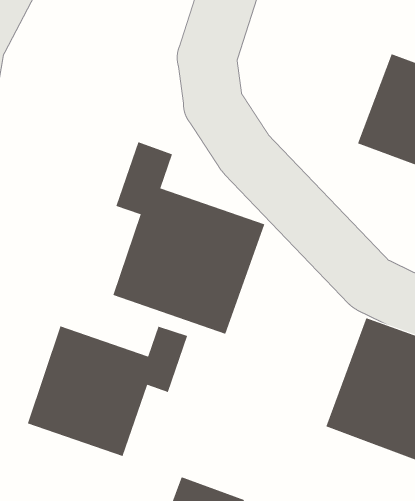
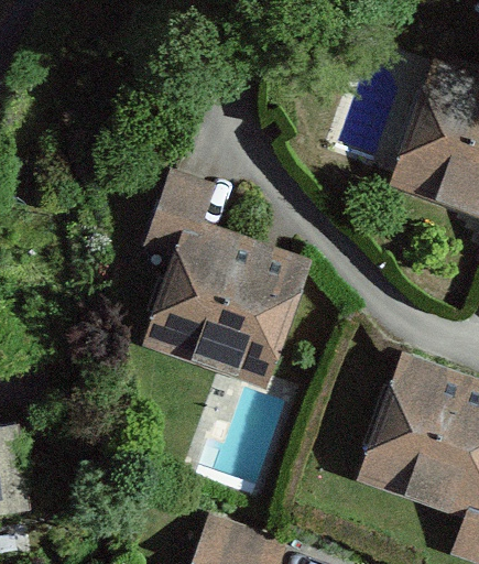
building: [27,326,188,457] -> none

